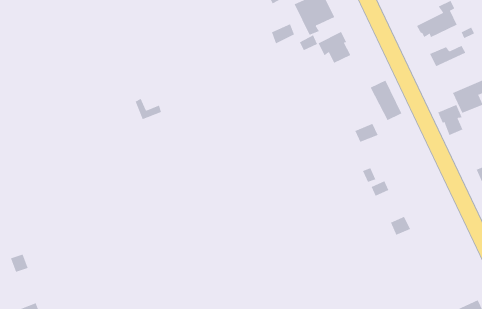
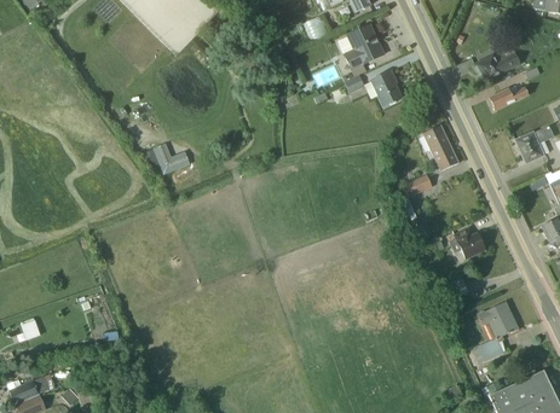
building: [438,104,463,136] -> none
building: none -> [449,227,485,258]
building: none -> [472,301,519,362]

